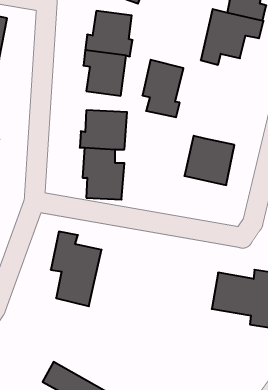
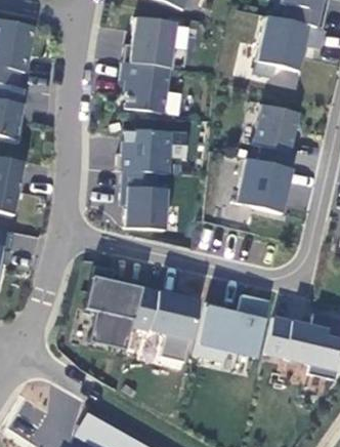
building: [142,60,183,117] -> [253,104,299,168]
building: none -> [132,286,199,361]
building: none -> [195,293,269,362]

